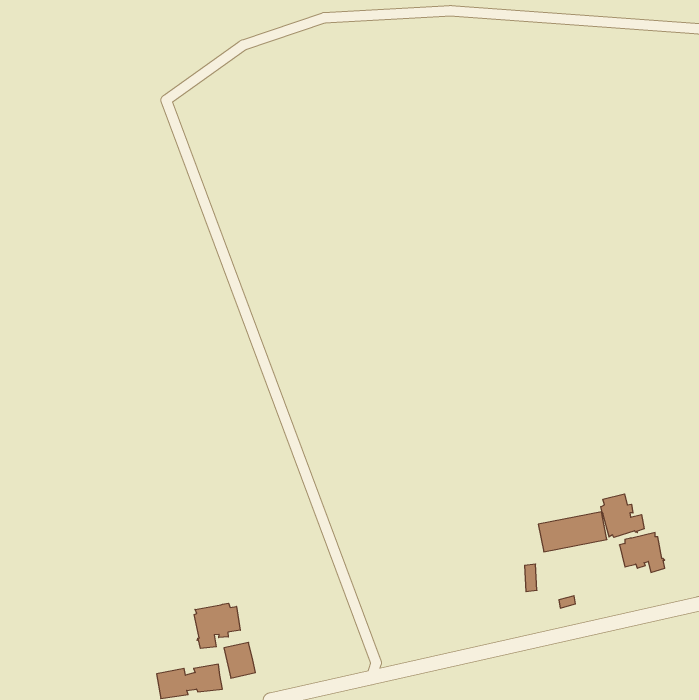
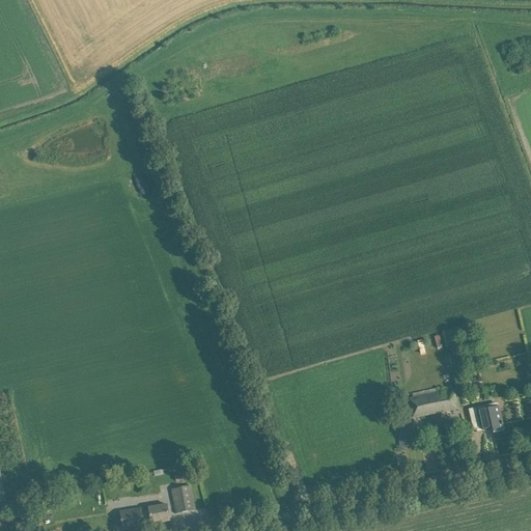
building: [601,494,644,537] -> none
building: [194,603,240,648] -> none

